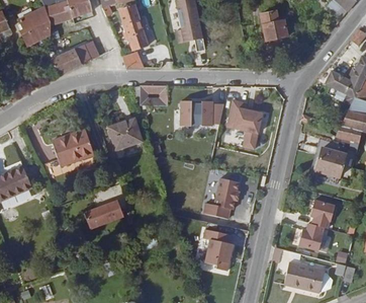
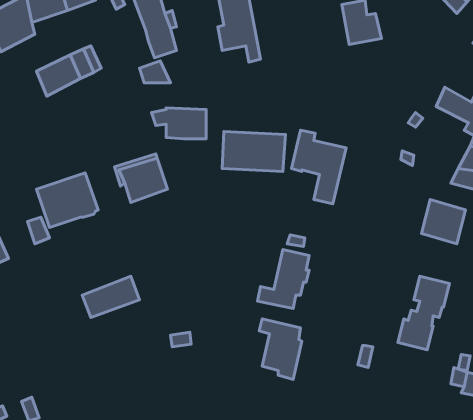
building: [284,261,325,293] -> none

